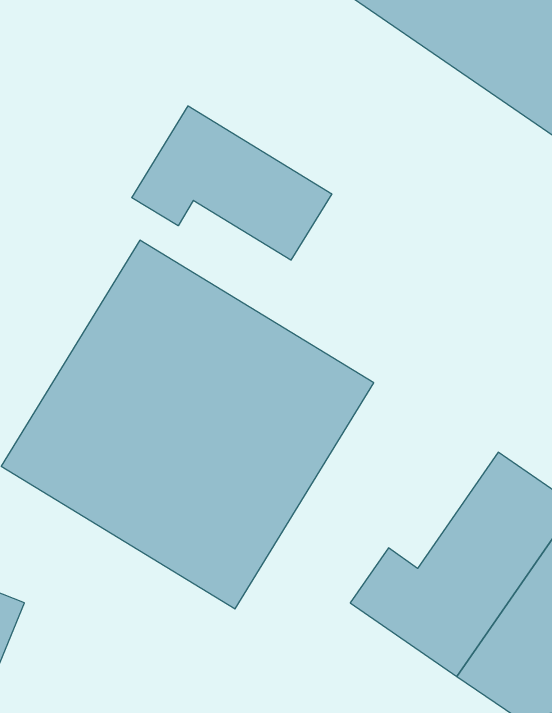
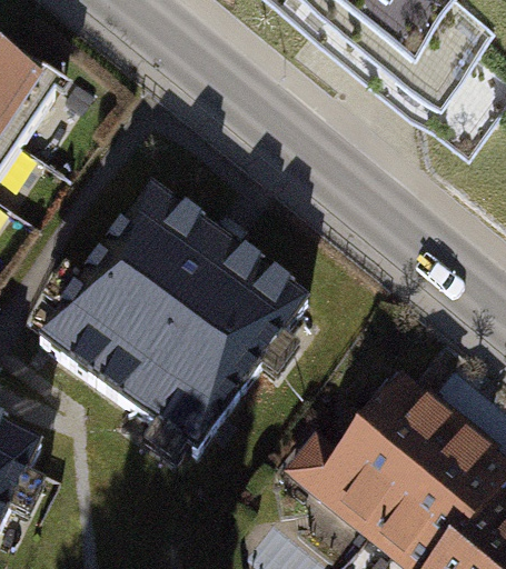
building: [132,106,332,260] -> none

